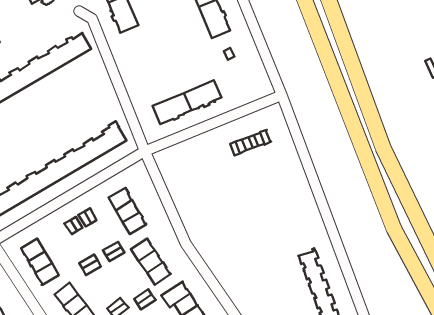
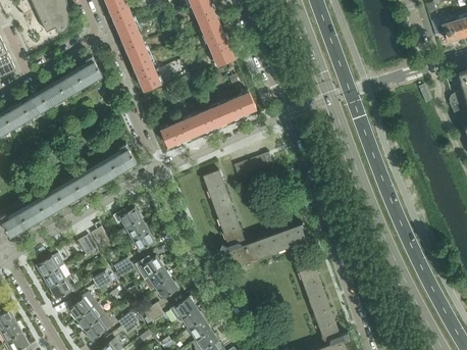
building: none -> [131,53,161,91]
building: none -> [219,92,256,121]
building: none -> [203,170,306,266]

